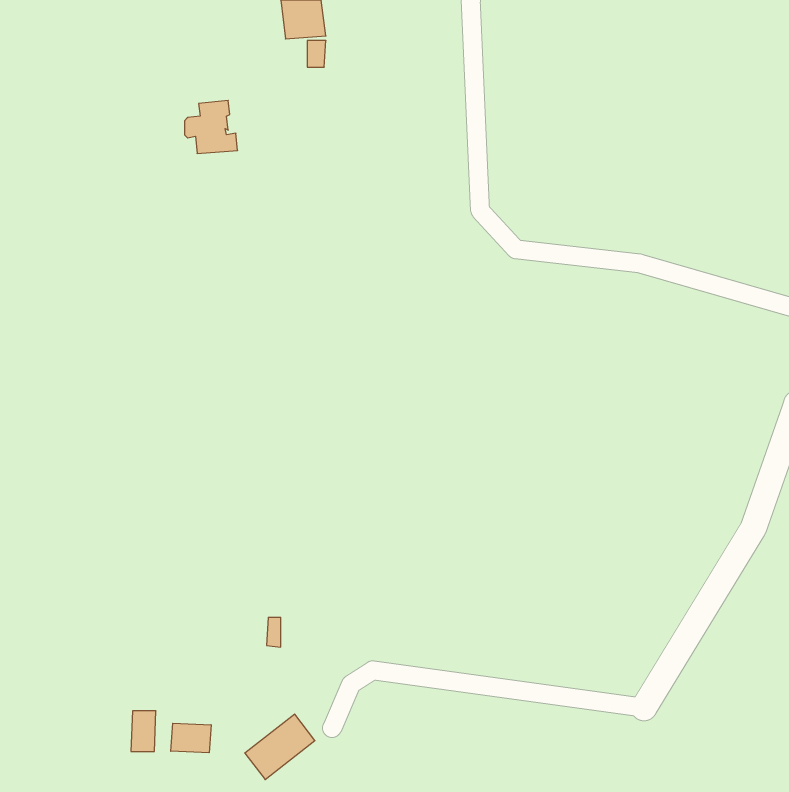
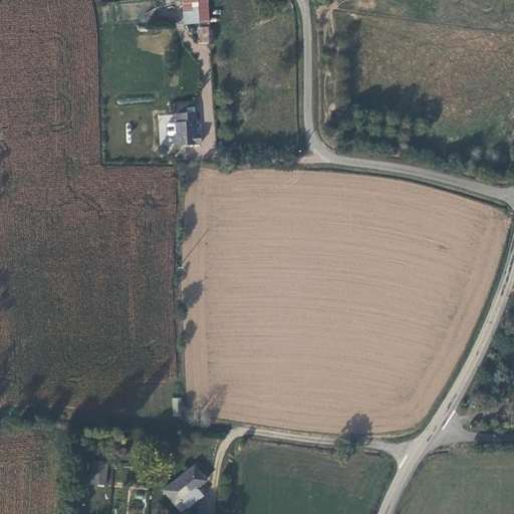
building: [185,100,238,153] -> [167,108,201,143]
building: [171,723,211,753] -> none

